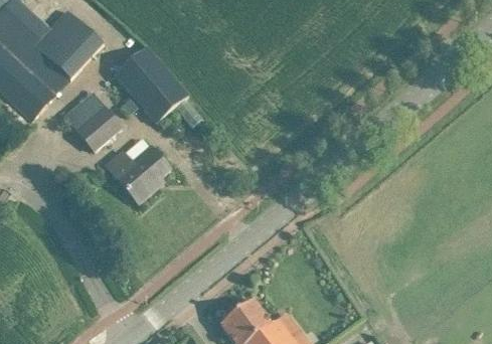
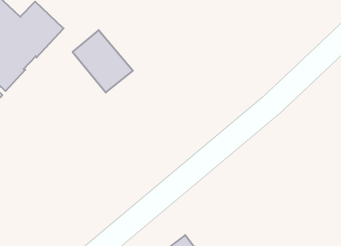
building: [64,92,122,151] -> none
building: [107,138,171,202] -> none

